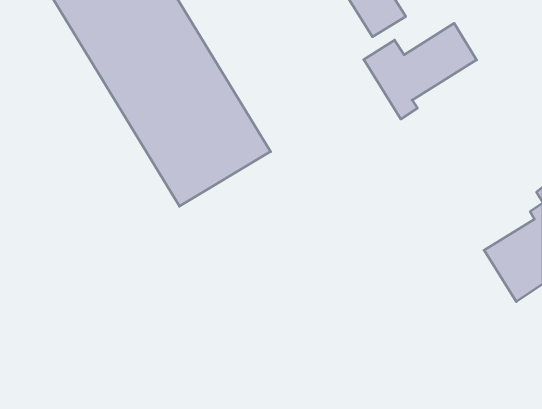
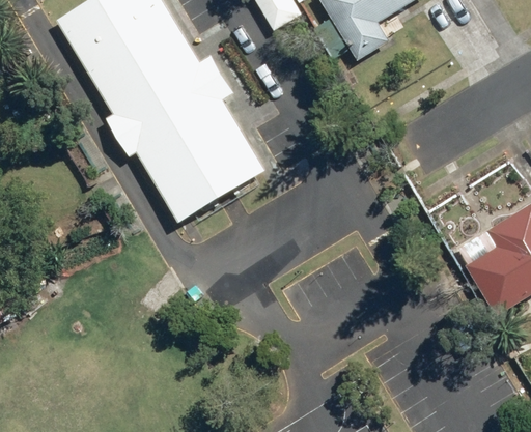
building: [364,23,477,119] -> none

